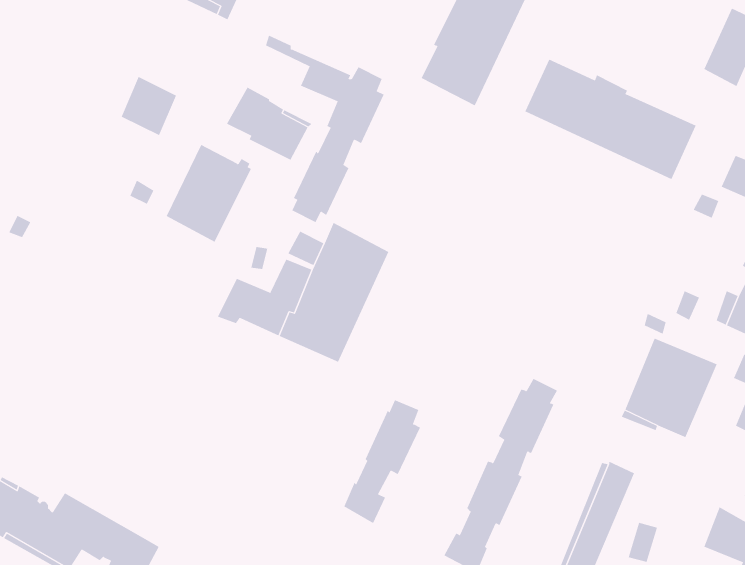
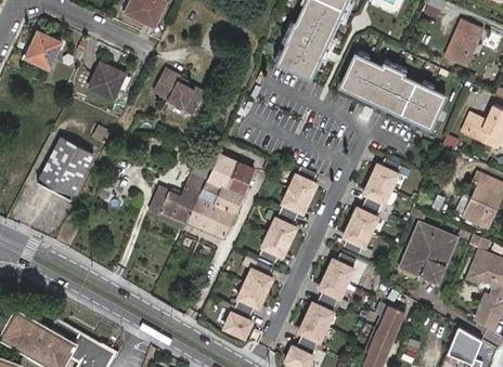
building: none -> [26,31,60,69]
building: [265,35,384,223] -> [245,145,319,261]
building: [166,144,252,243] -> [38,137,91,198]
building: none -> [345,155,401,251]

